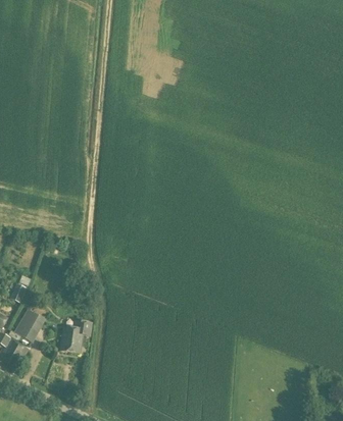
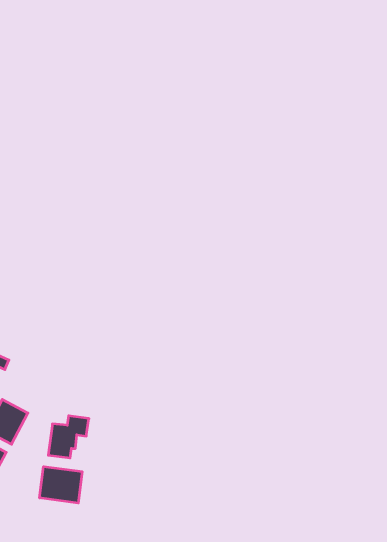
building: none -> [40,467,82,503]

